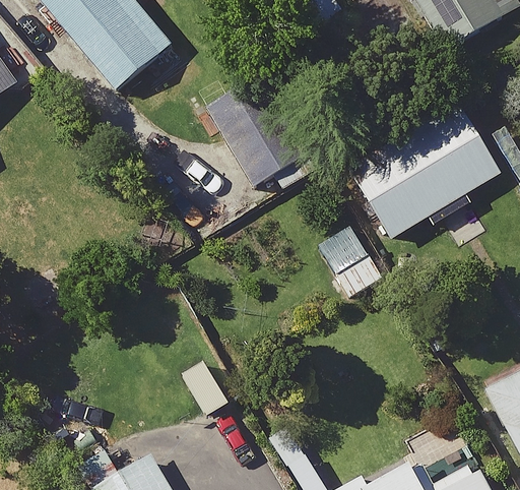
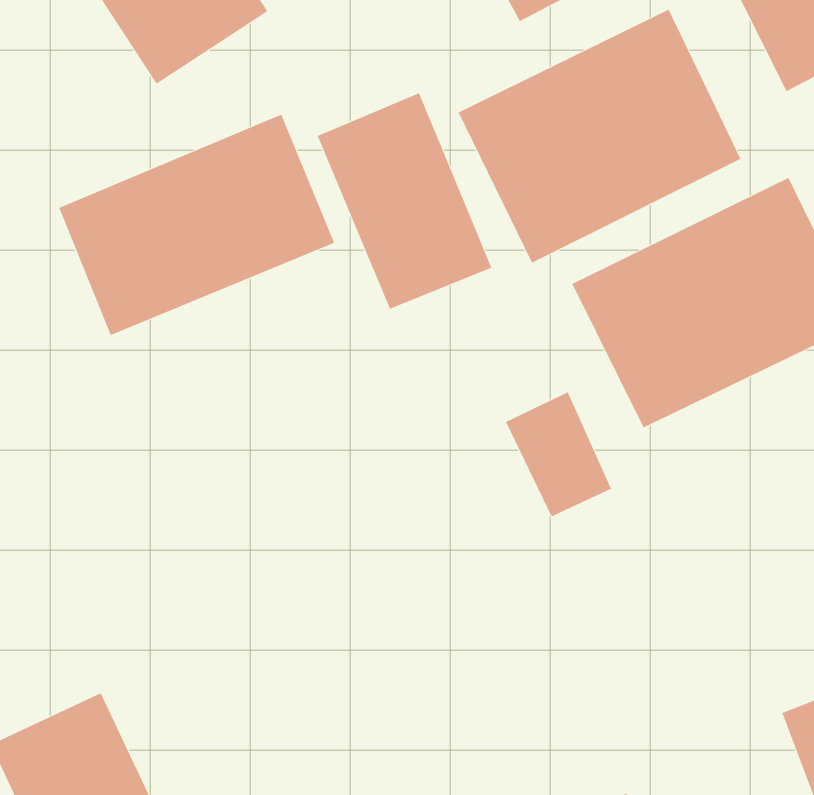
building: none -> [458,9,741,263]
building: none -> [59,114,335,336]

